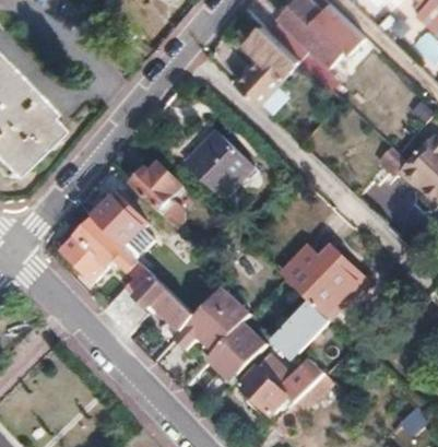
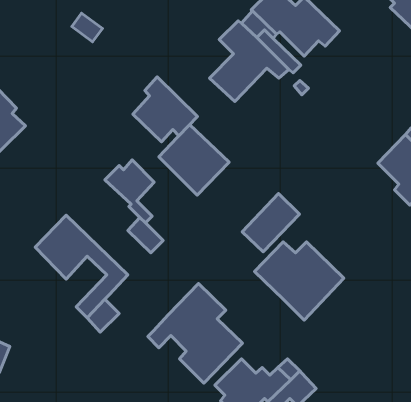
building: none -> [133,77,198,142]
building: [92,193,146,248] -> none
building: [134,277,193,332] -> none
building: [271,301,328,358] -> [242,193,299,252]

